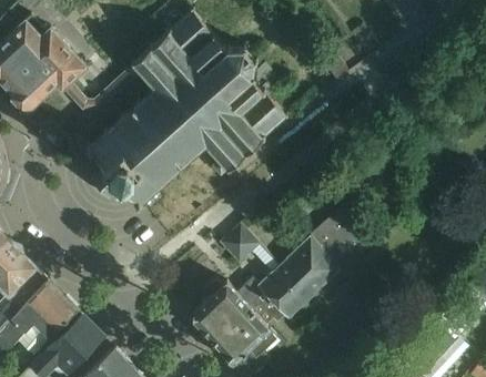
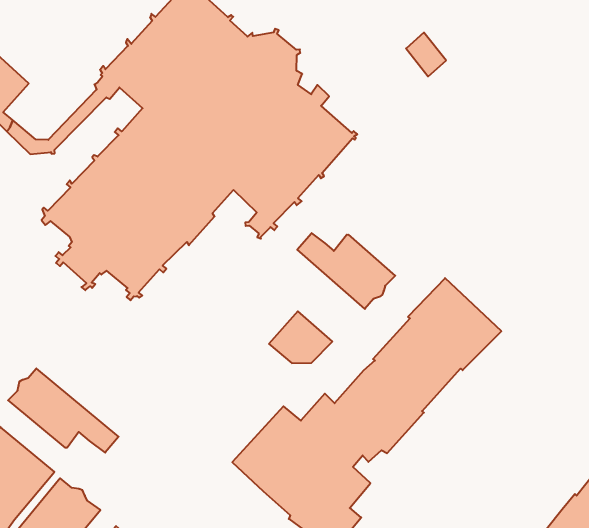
building: none -> [297,233,395,309]
building: none -> [8,368,119,453]

